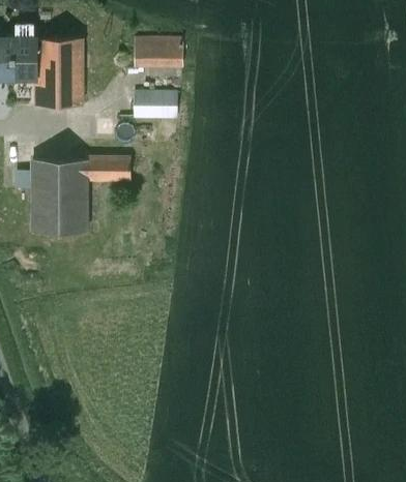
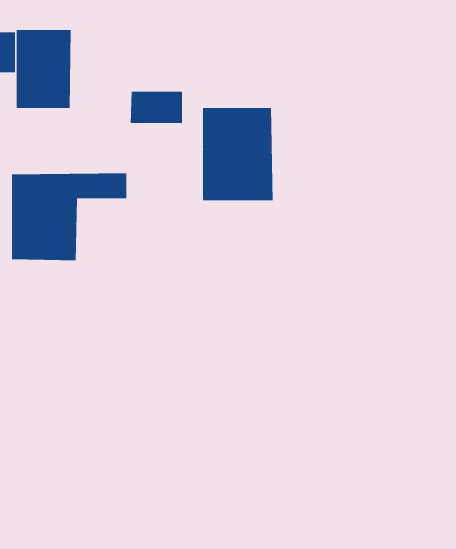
building: [135,38,182,66] -> none
building: none -> [203,107,273,201]

